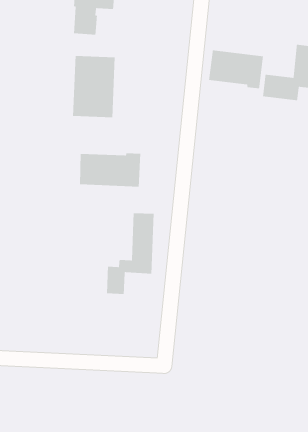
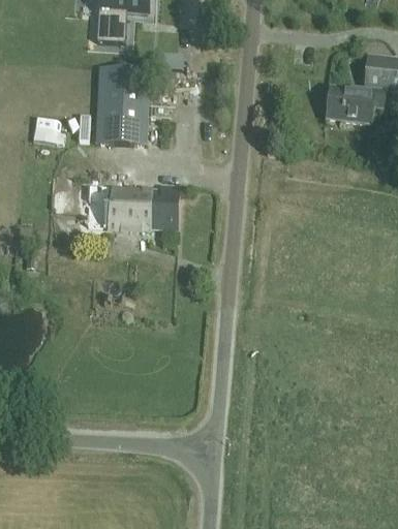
building: [208,50,264,89] -> none
building: [106,212,155,295] -> none

